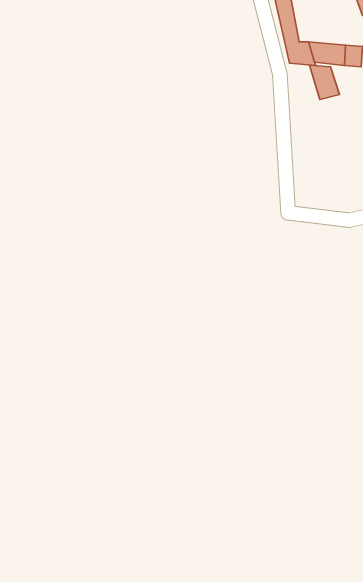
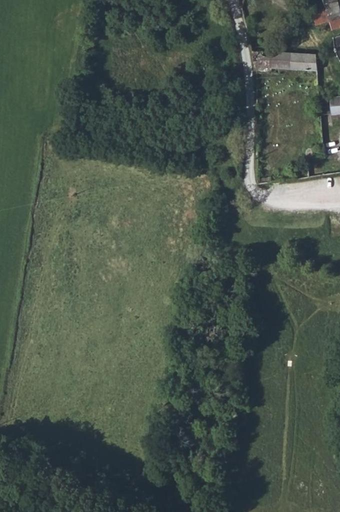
building: [310,65,339,99] -> none

